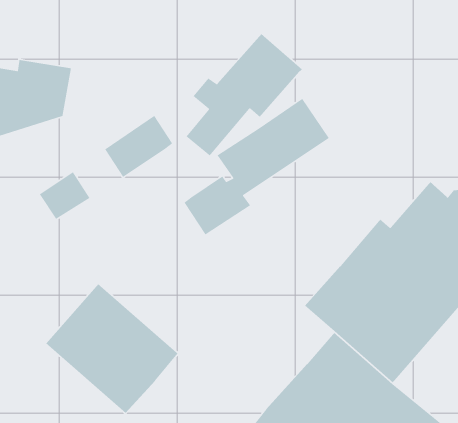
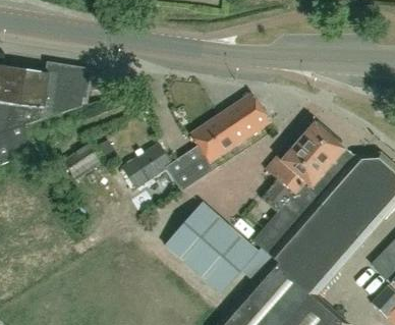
building: [185,33,303,157] -> [260,123,343,211]
building: [104,115,173,178] -> [122,142,171,186]
building: [45,283,179,414] -> [163,201,258,293]

